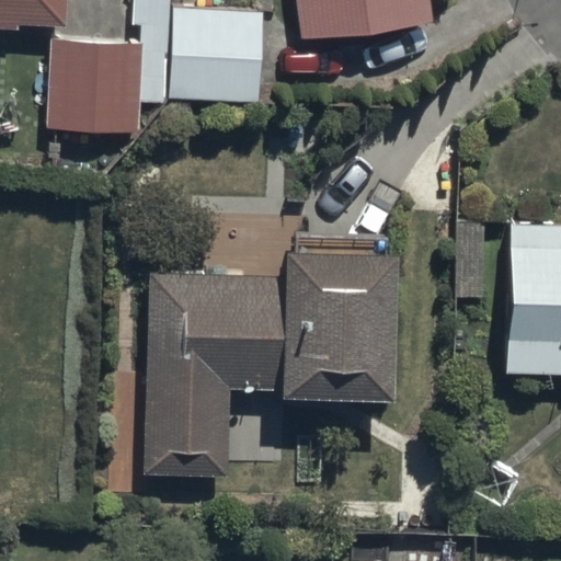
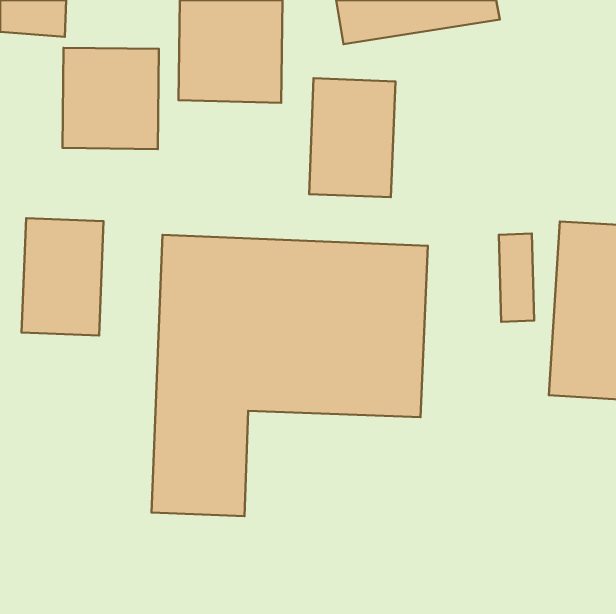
building: none -> [309,78,396,197]
building: none -> [22,218,104,336]

